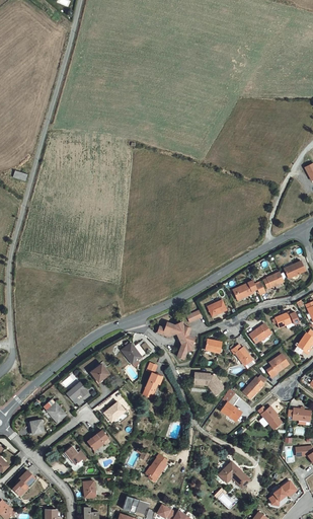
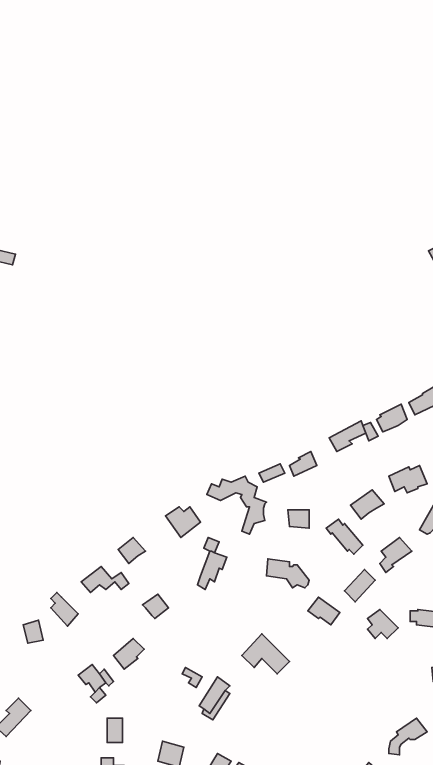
building: [218,458,249,485] -> [242,634,289,674]

